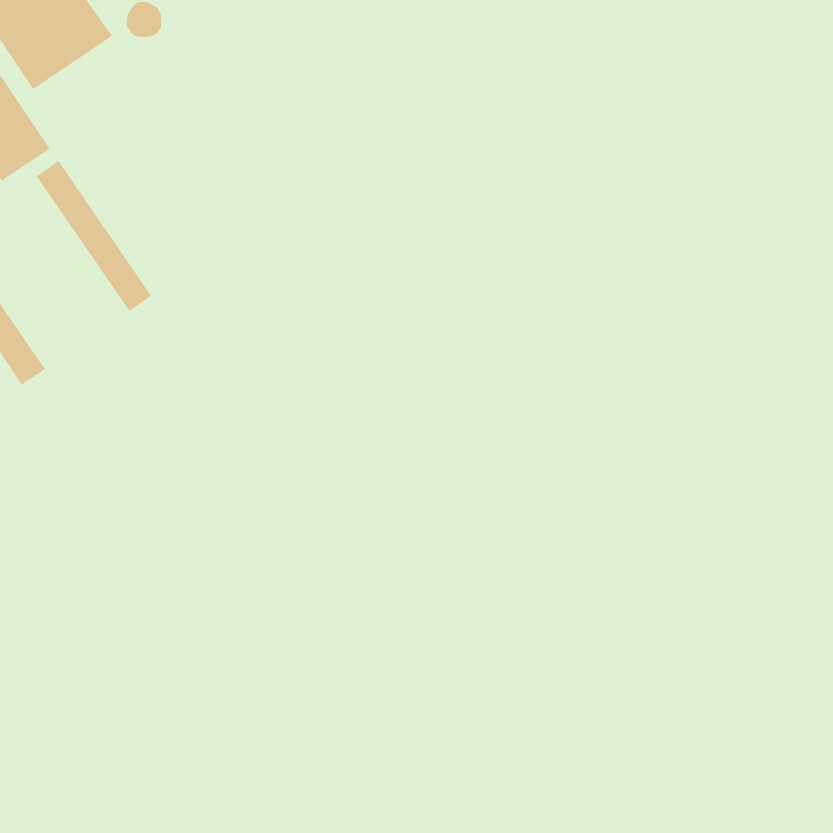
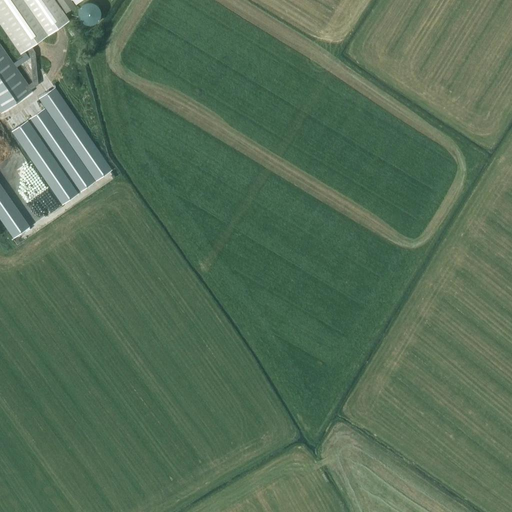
building: none -> [27,59,110,179]
building: none -> [5,110,77,203]

